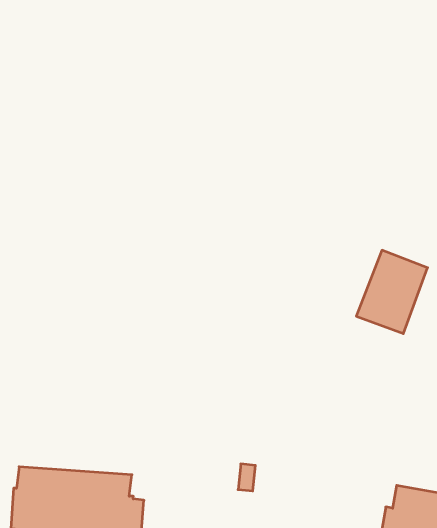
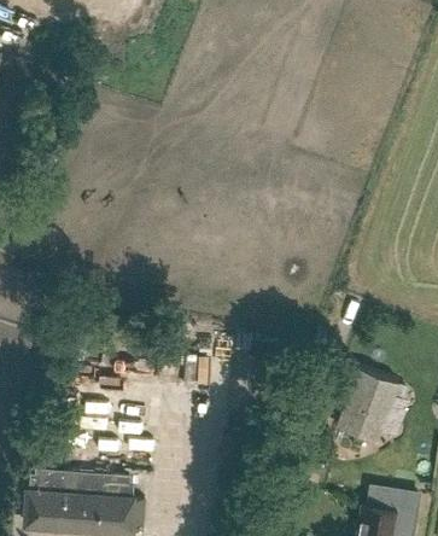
building: [356,250,428,334] -> [334,367,398,442]

